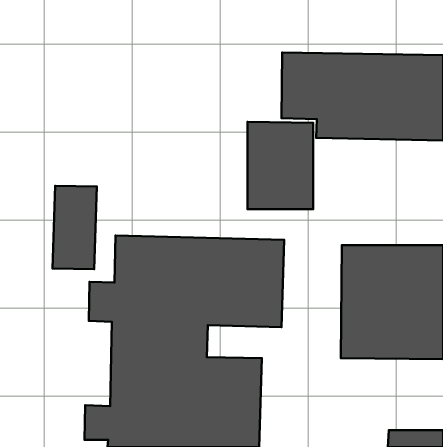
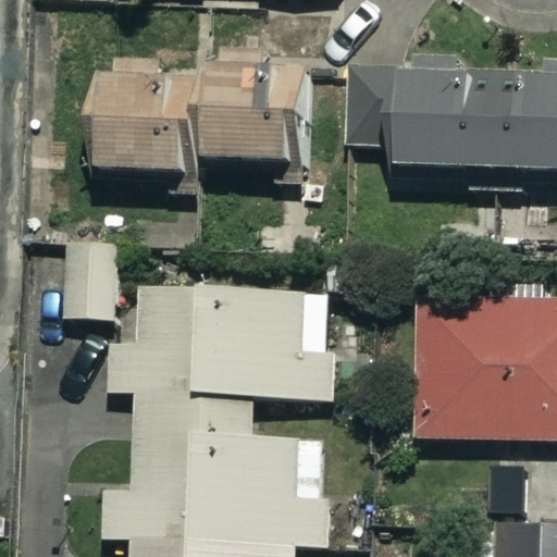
building: none -> [98,67,195,174]
building: [247,122,313,209] -> [215,67,296,174]

